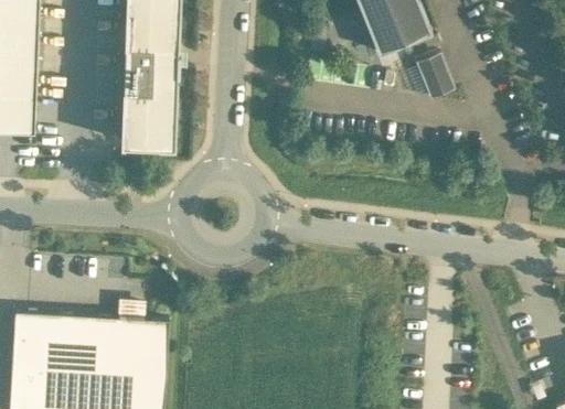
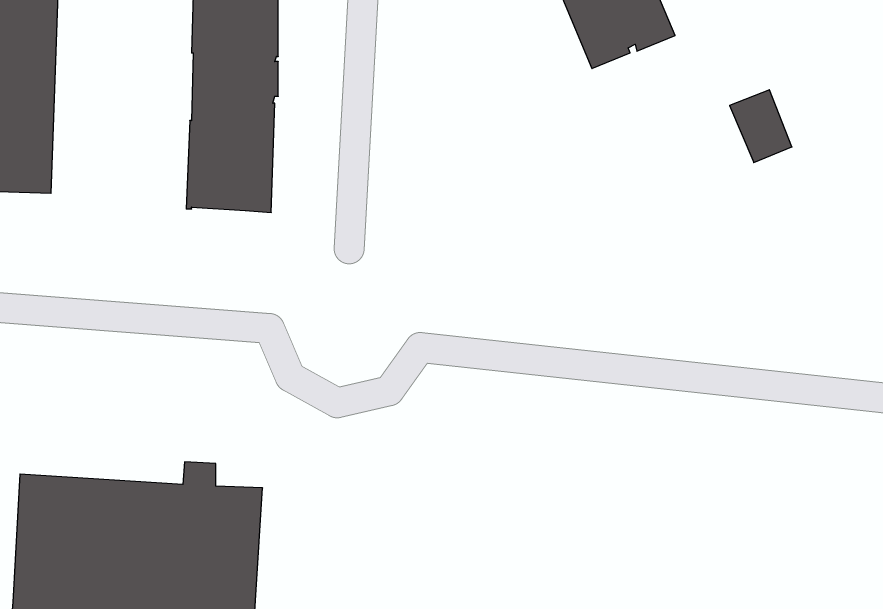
building: [414,52,454,98] -> [730,90,792,163]

